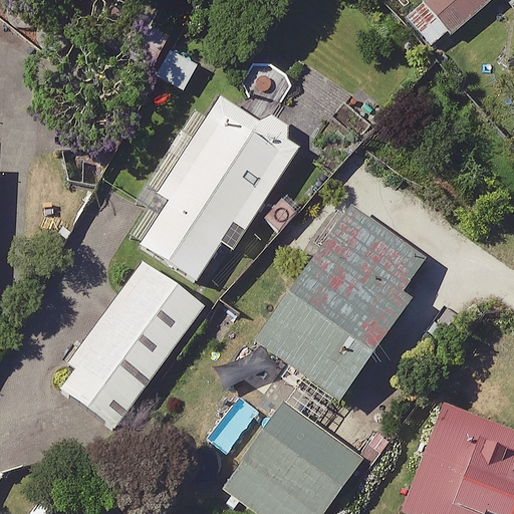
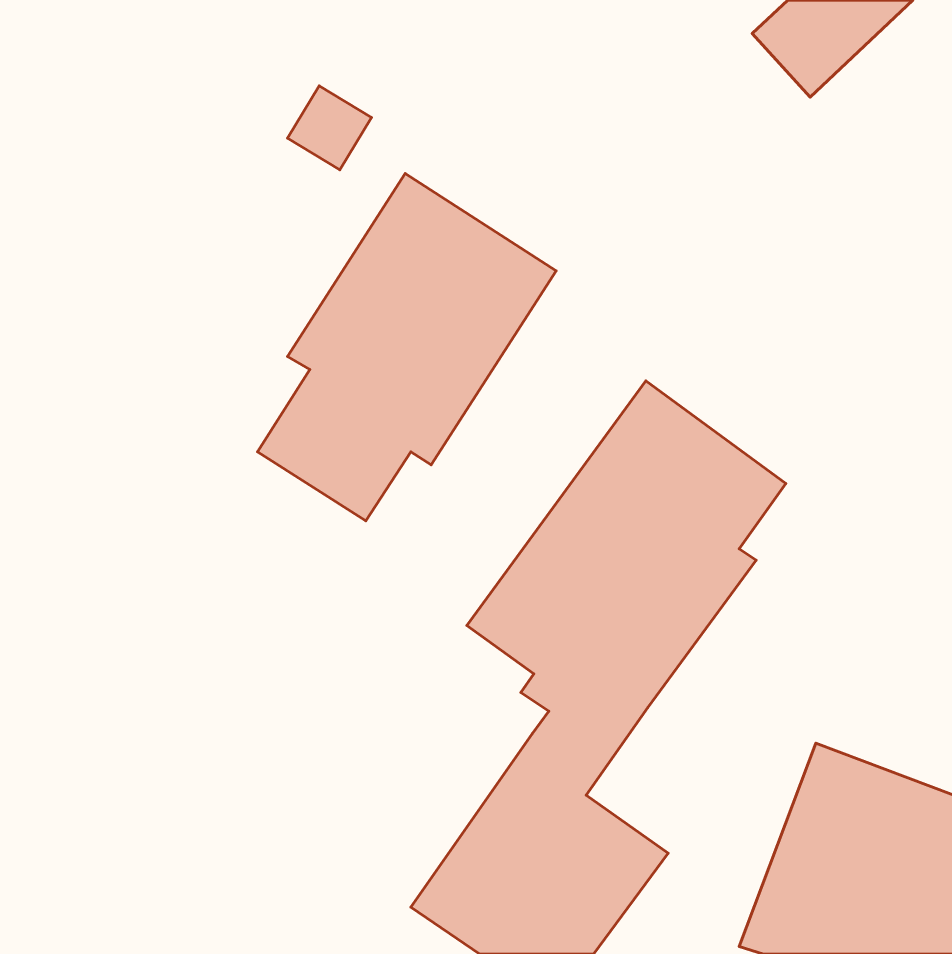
building: [56,260,205,428] -> none

